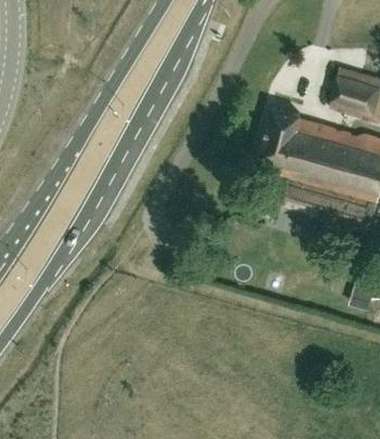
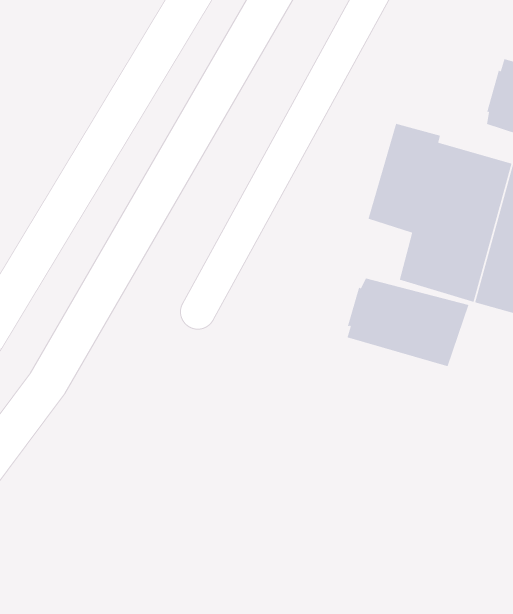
building: none -> [346,277,469,367]

